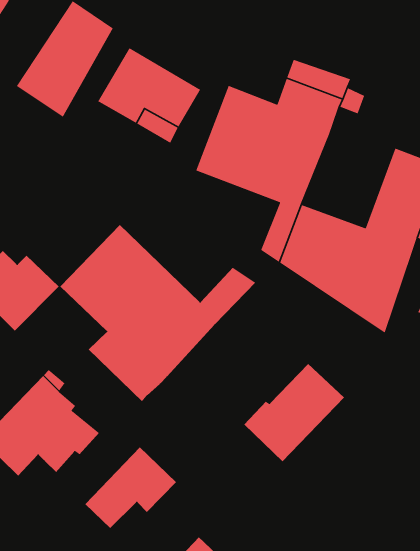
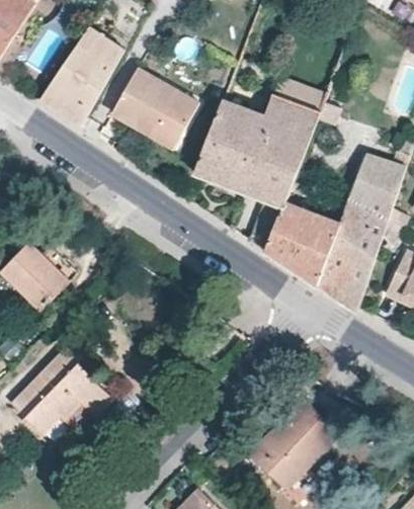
building: [60,224,256,402] -> none
building: [243,363,345,462] -> [250,402,337,487]
building: [84,446,177,529] -> none

